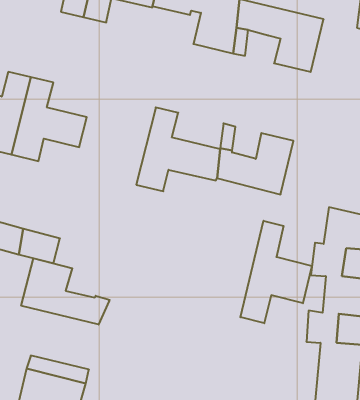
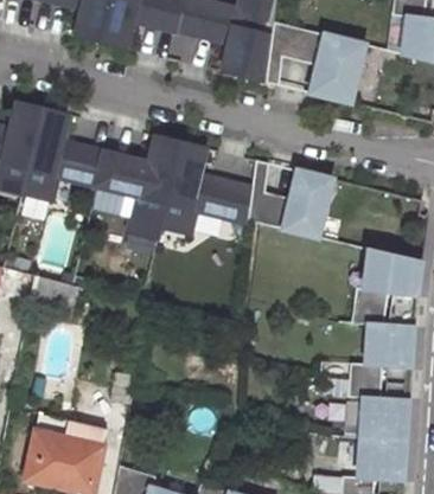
building: none -> [96,135,180,237]
building: [240,221,312,323] -> none
building: [21,258,110,325] -> none

